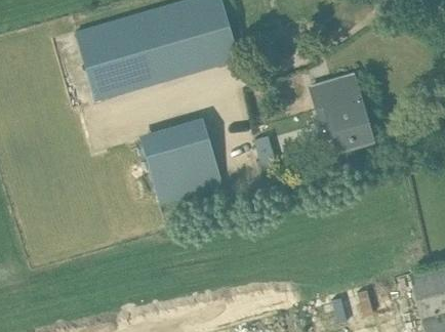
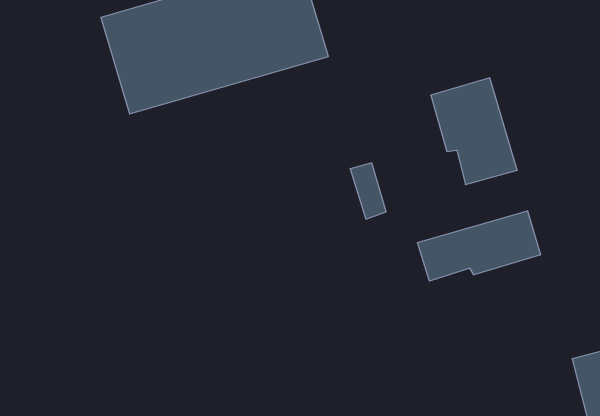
building: [143,117,225,204] -> none
building: none -> [417,211,540,281]

